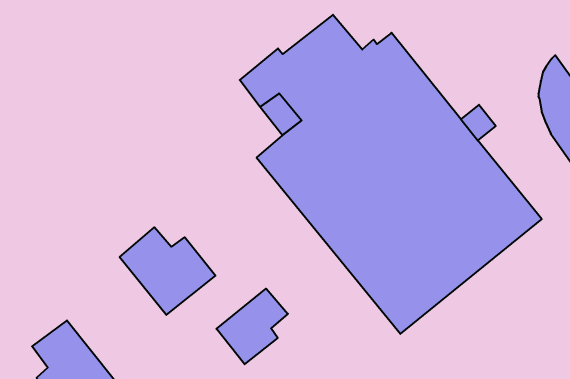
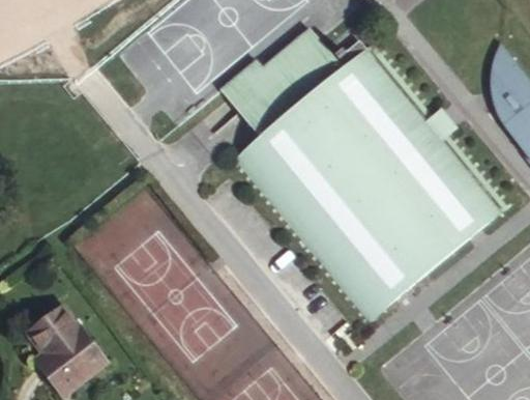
building: [120,227,215,315] -> none
building: [216,289,288,364] -> none

